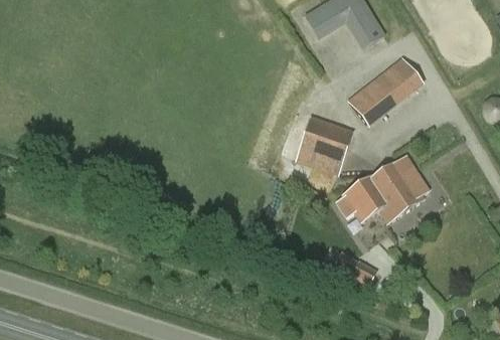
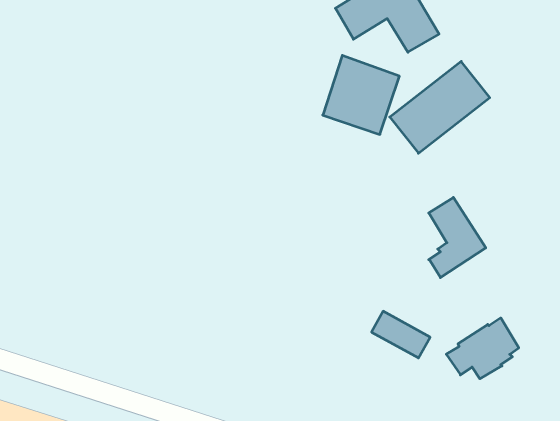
building: [295,114,354,175] -> [323,55,399,134]
building: [335,173,391,220] -> [446,318,519,379]

